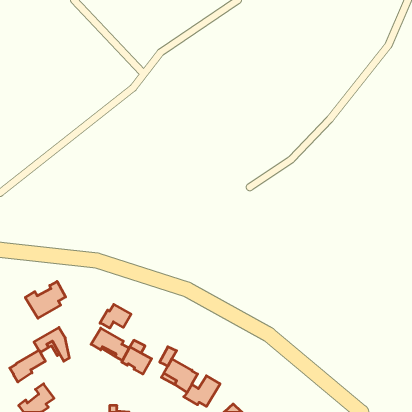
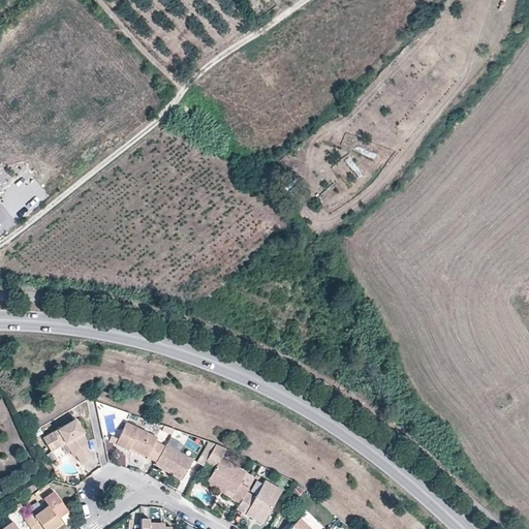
building: [25,281,66,318] -> none
building: [100,304,131,328] -> none
building: [10,350,45,382] -> none

